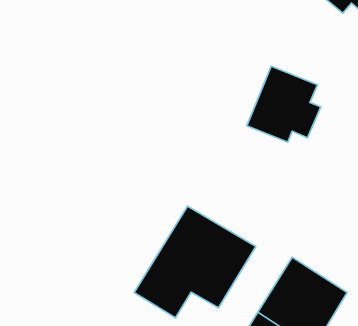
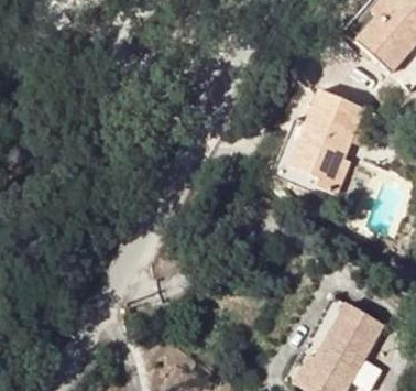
building: [134,206,256,318] -> none

